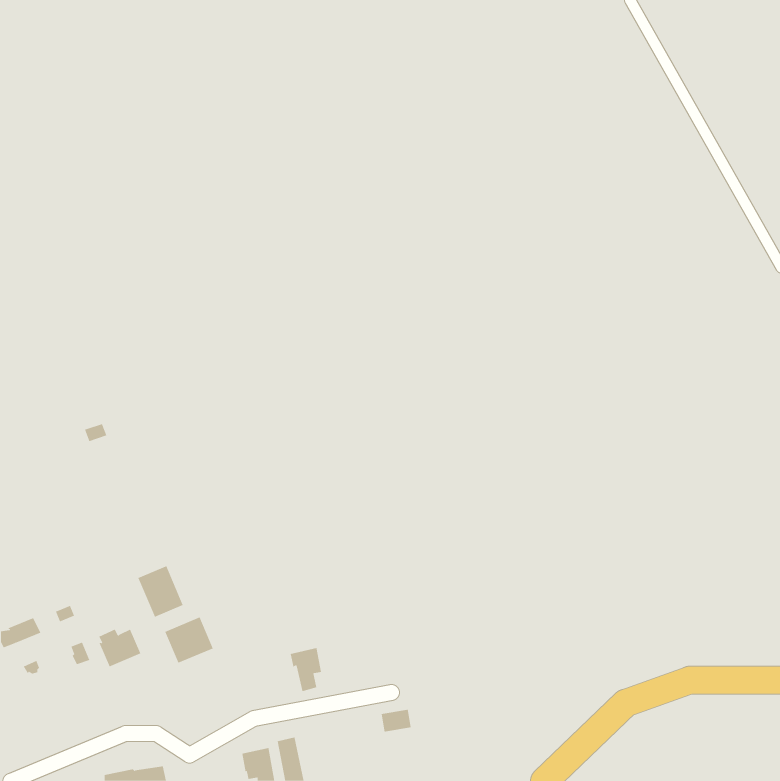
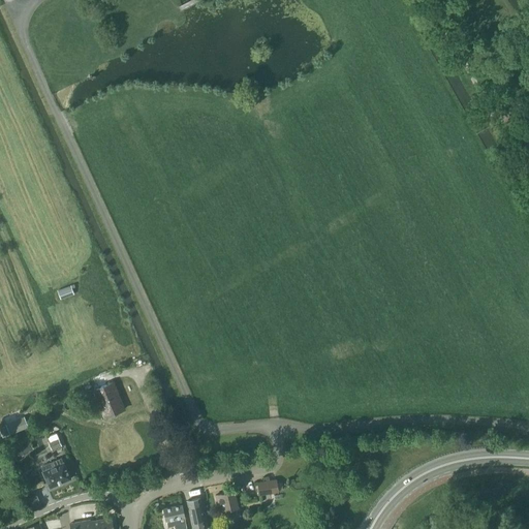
building: [165,617,213,664] -> none
building: [98,629,141,667] -> [42,462,71,488]
building: [290,648,322,692] -> [216,491,238,521]

